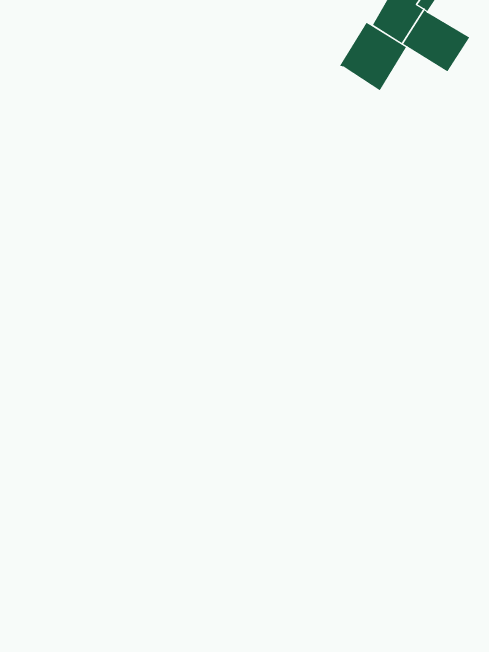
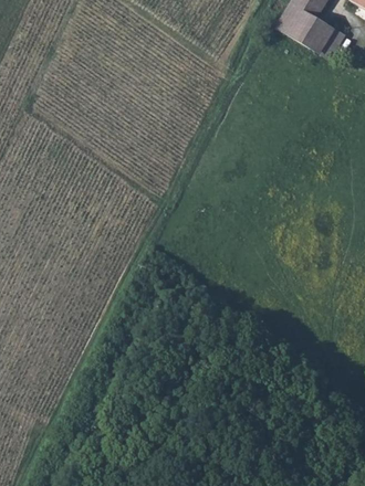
building: [339,22,407,91] -> none

